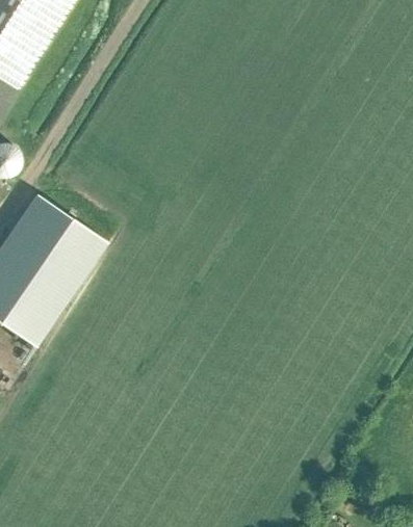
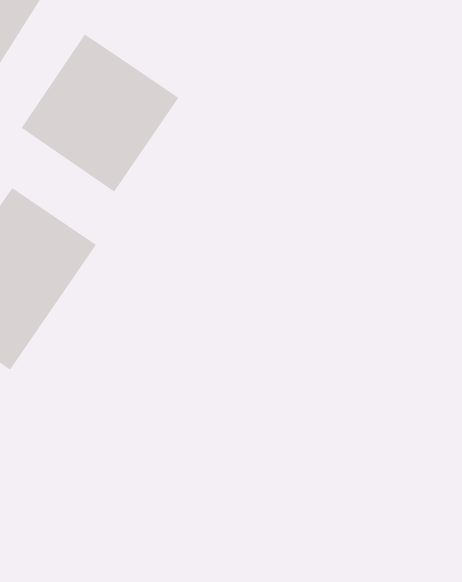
building: none -> [21,33,179,192]

